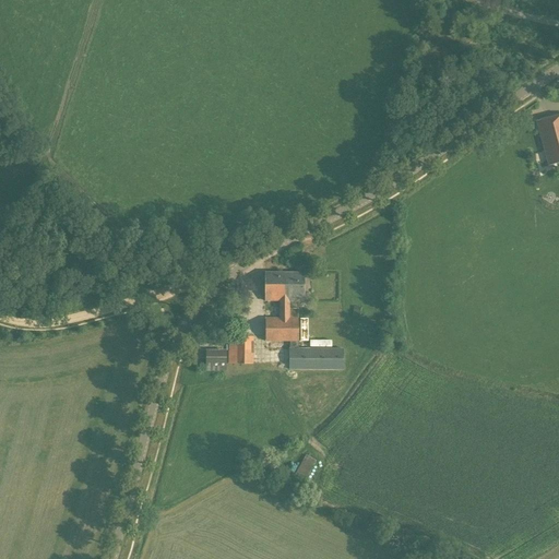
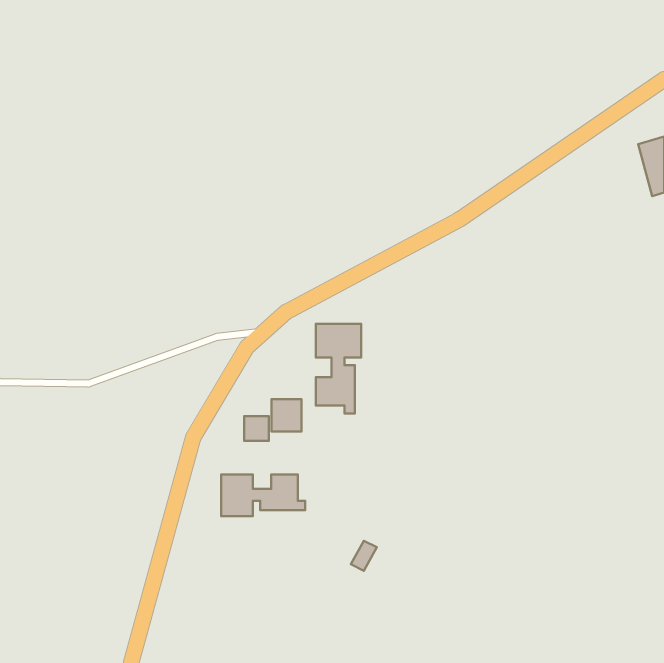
building: [289,347,344,369] -> none
building: none -> [221,475,305,516]

